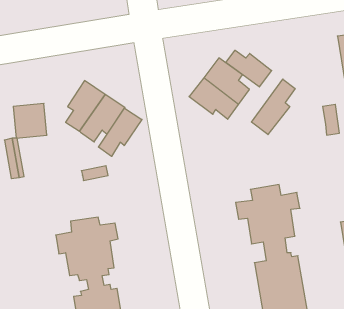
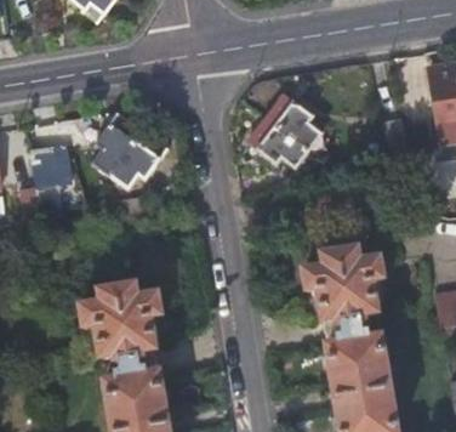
building: [226,50,272,87] -> none
building: [251,79,295,135] -> none
building: [98,108,142,156] -> none

